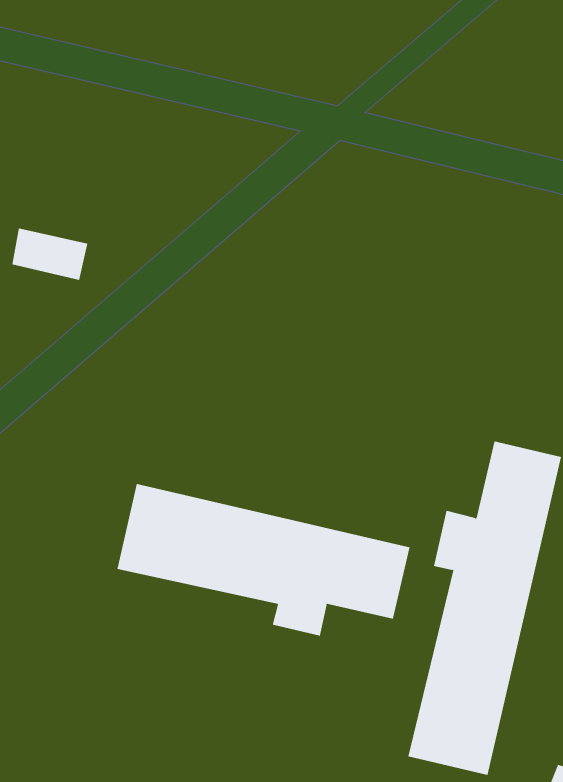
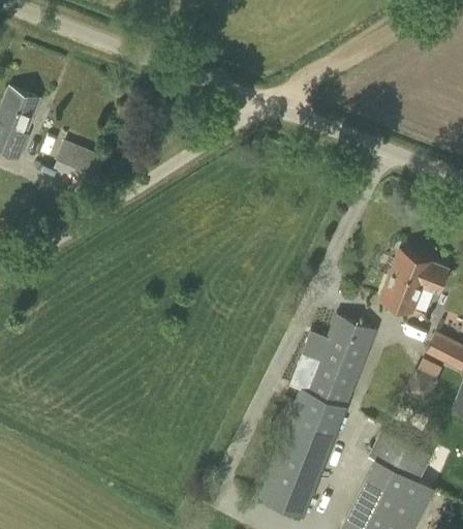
building: [117,483,410,637] -> none

